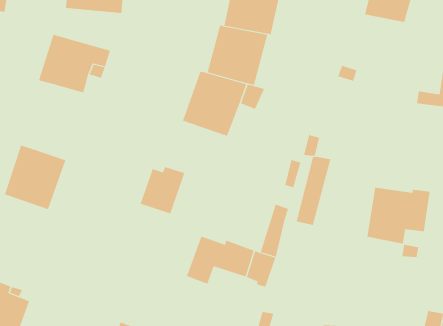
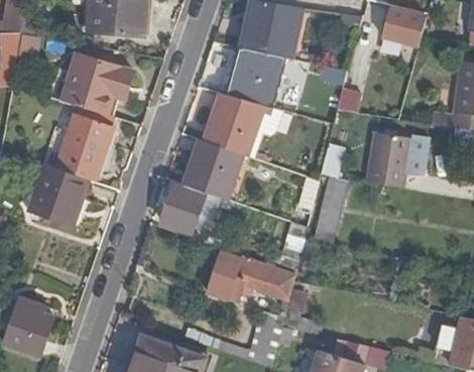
building: none -> [56,107,117,181]
building: none -> [183,141,243,201]
building: [366,187,431,244] -> [366,134,429,190]

